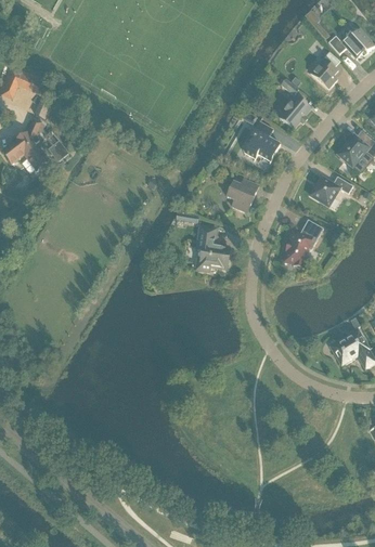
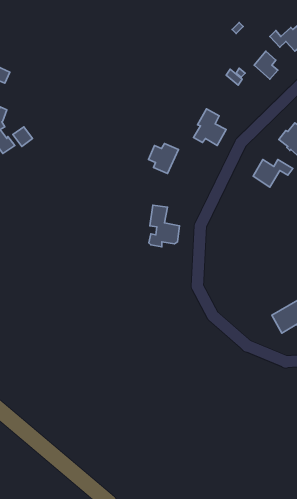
building: [279,94,309,127] -> none
building: [225,178,258,210] -> [149,144,178,173]
building: [283,221,322,265] -> none

